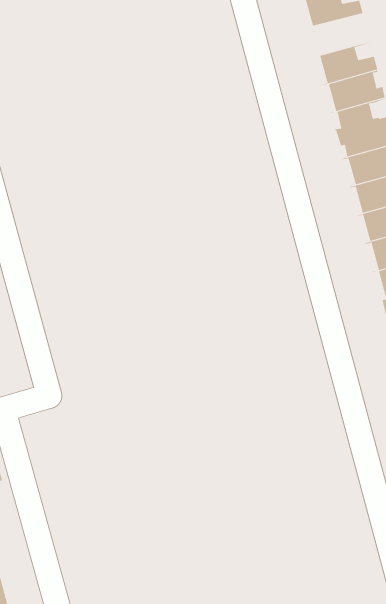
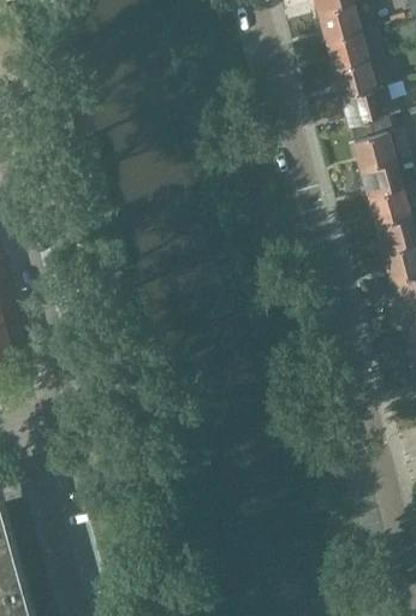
building: none -> [320,25,384,69]

